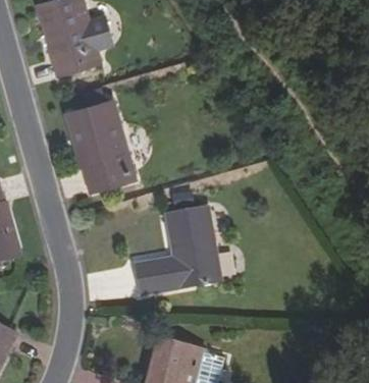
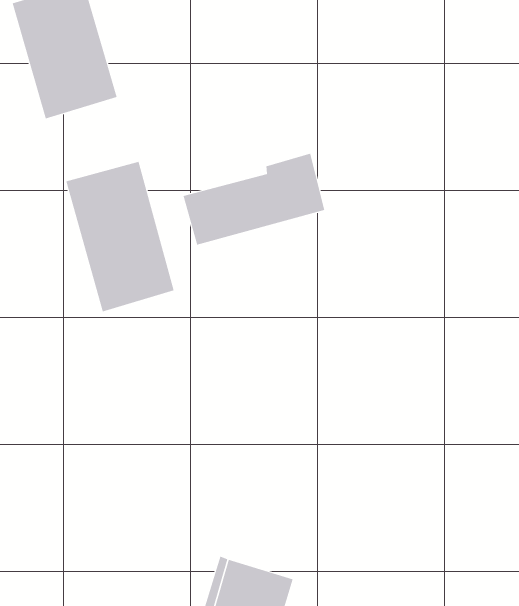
building: none -> [183,153,325,245]
building: [136,206,221,295] -> none

